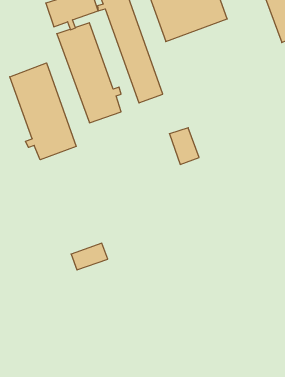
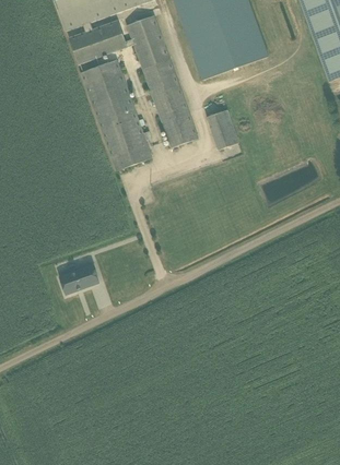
building: [10,63,76,160] -> none
building: [169,128,199,164] -> [207,109,239,150]
building: [71,243,108,270] -> [59,264,99,294]

